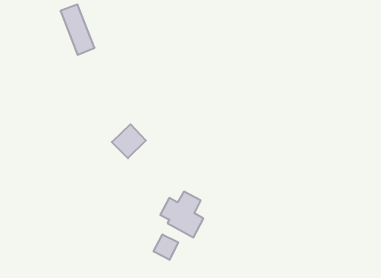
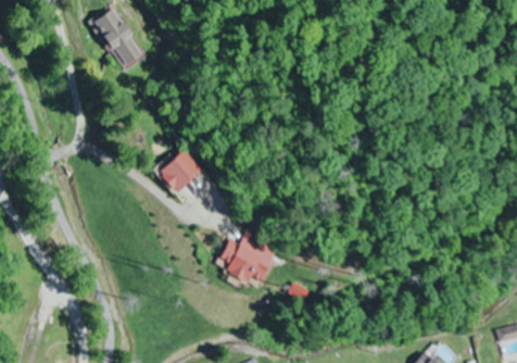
building: [154,234,178,260] -> none

